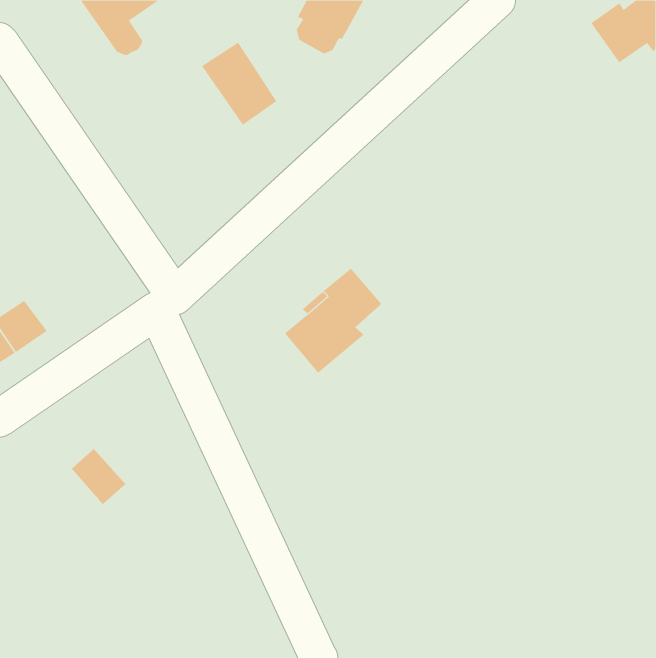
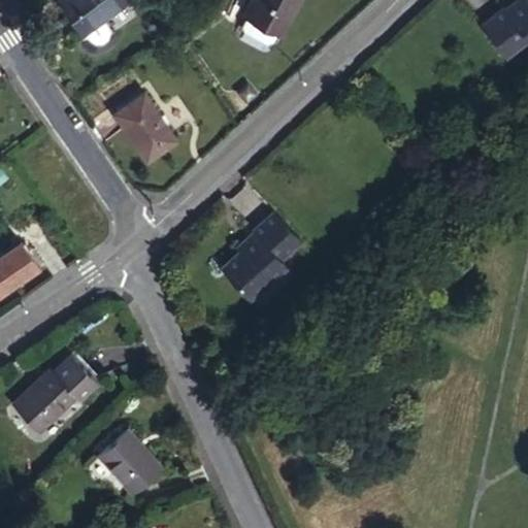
building: [201,42,277,126] -> [116,94,176,161]
building: none -> [13,369,78,434]
building: none -> [98,430,163,495]

